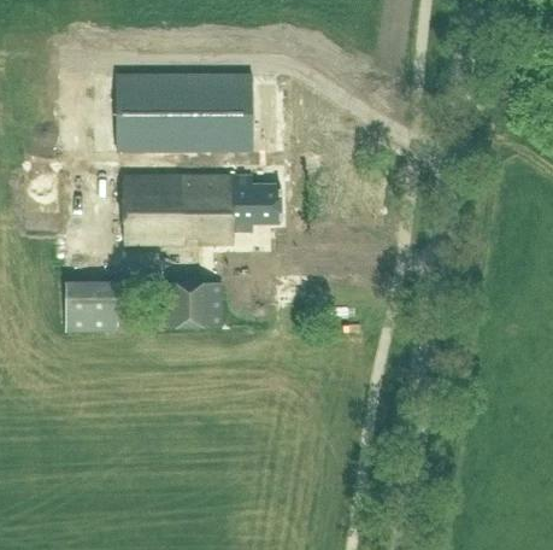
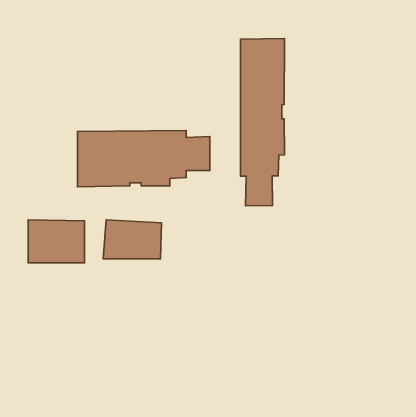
building: none -> [240,38,285,206]
building: [117,75,252,150] -> none

